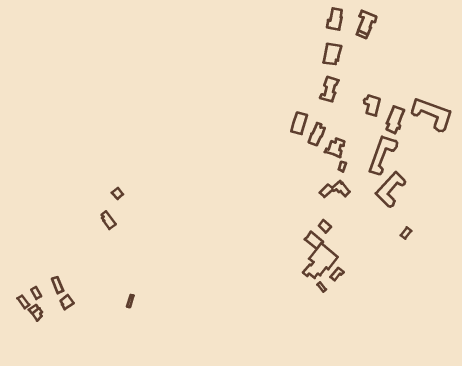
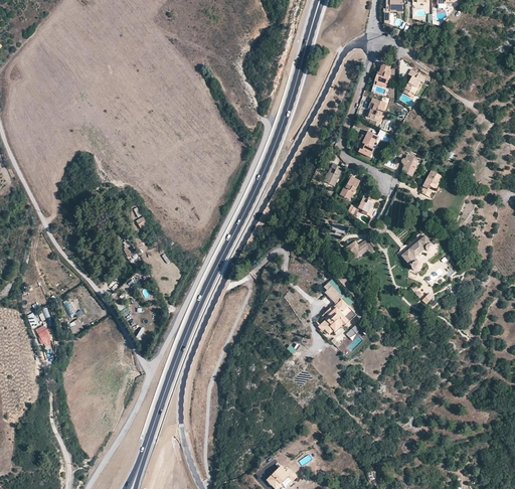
building: [412,99,450,131] -> none
building: [370,137,397,174] -> none

